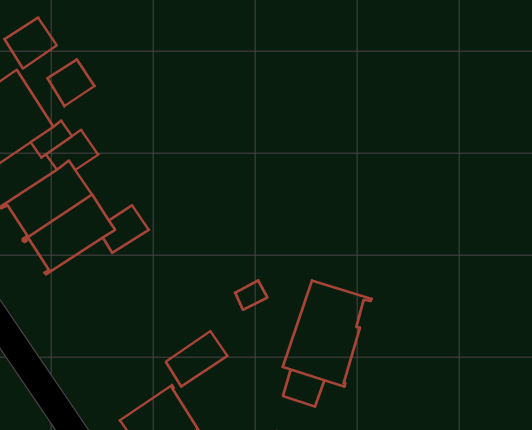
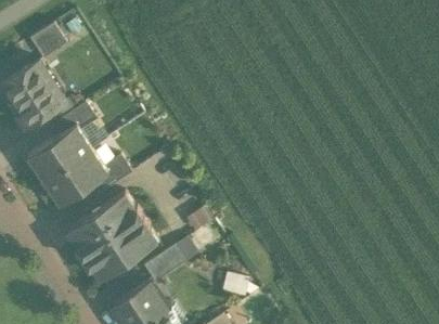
building: [47,59,95,106] -> none
building: none -> [66,194,156,281]
building: [283,280,372,387] -> none

